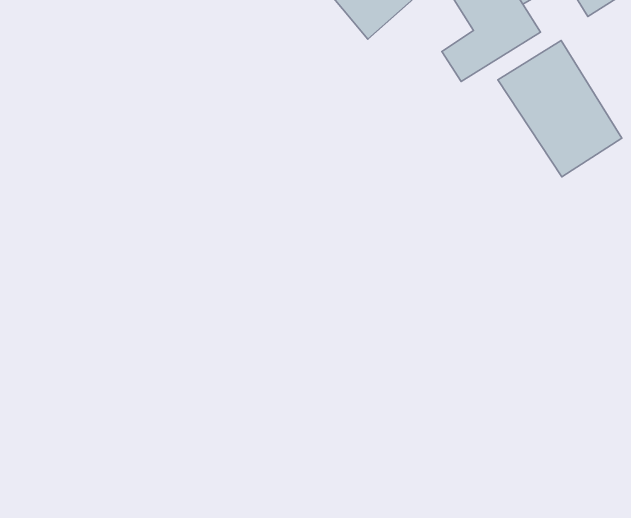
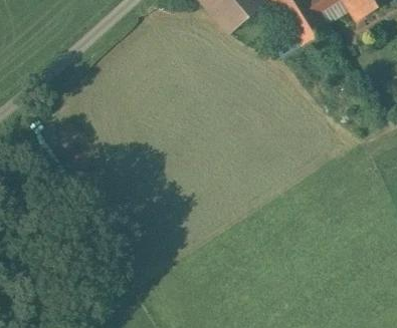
building: [498,41,622,177] -> none

